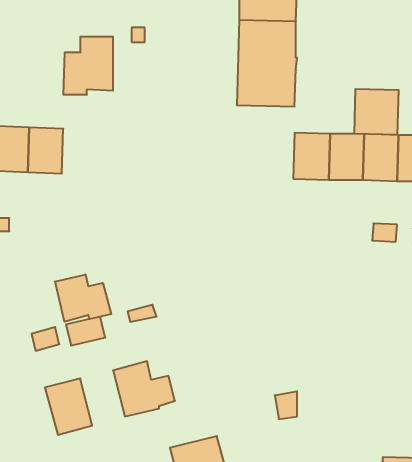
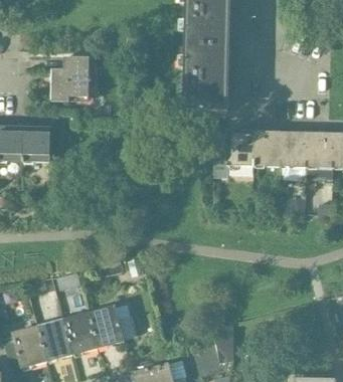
building: [354,89,399,135] -> none
building: [55,274,111,322] -> none
building: none -> [63,312,98,354]
building: none -> [11,325,46,367]

